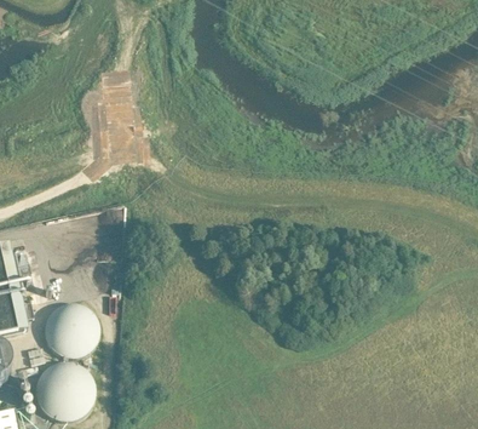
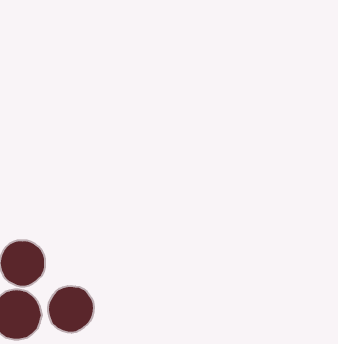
building: none -> [48,286,94,333]

